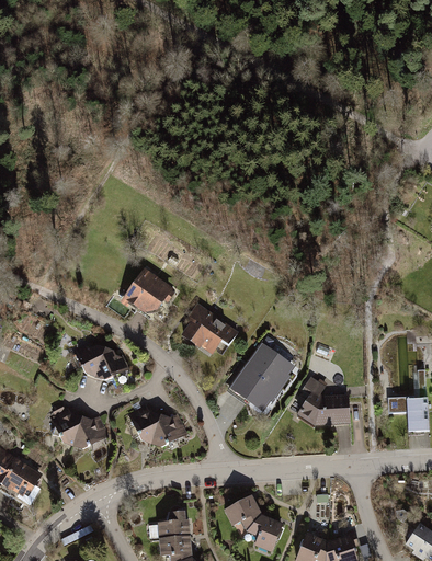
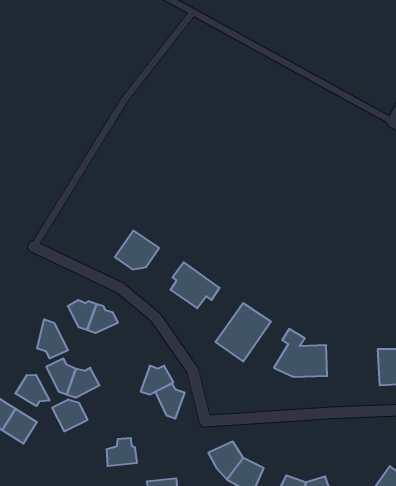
building: none -> [37,319,68,359]
building: [130,405,162,443] -> [155,384,185,418]
building: none -> [15,375,49,406]
building: none -> [52,399,87,431]
building: [158,510,191,539] -> [106,438,137,466]

